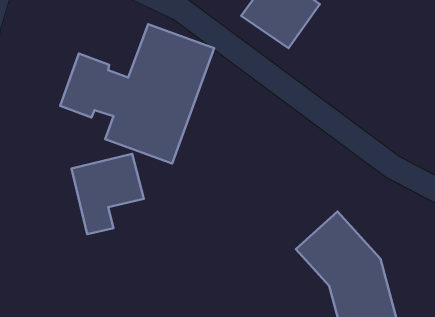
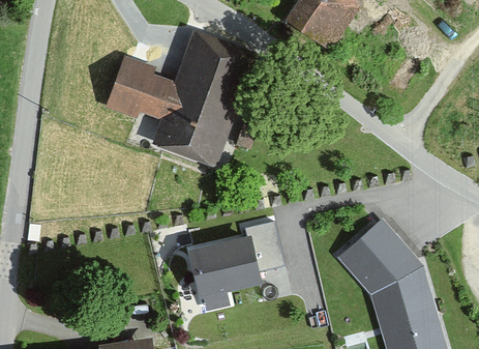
building: [72,154,144,234] -> [186,229,258,309]

